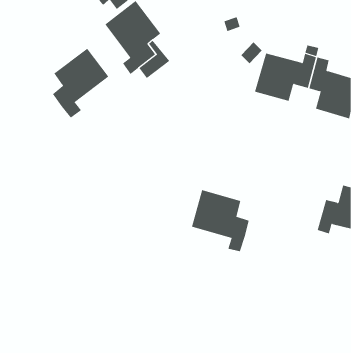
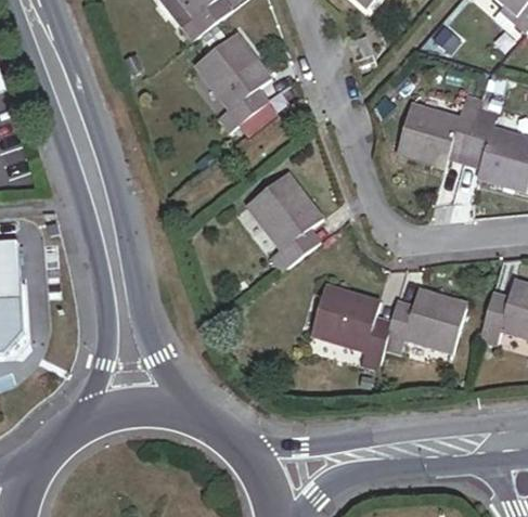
building: [52,48,109,119] -> none
building: none -> [247,171,323,270]
building: none -> [384,287,465,353]

